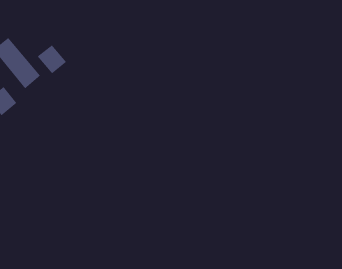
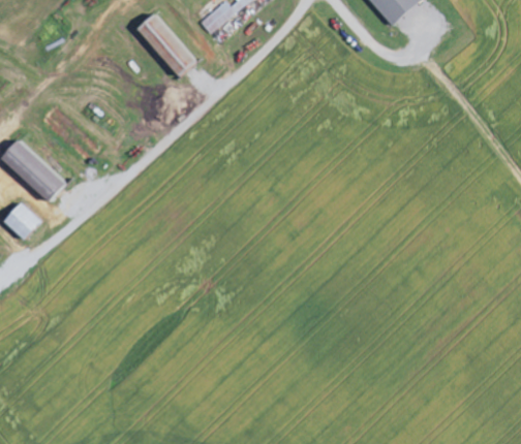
building: [37,44,67,74] -> none

